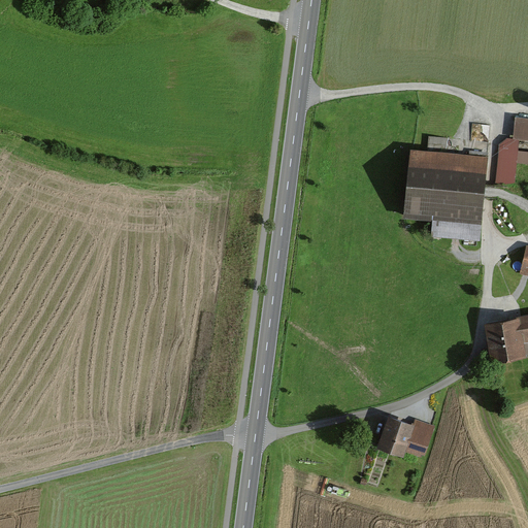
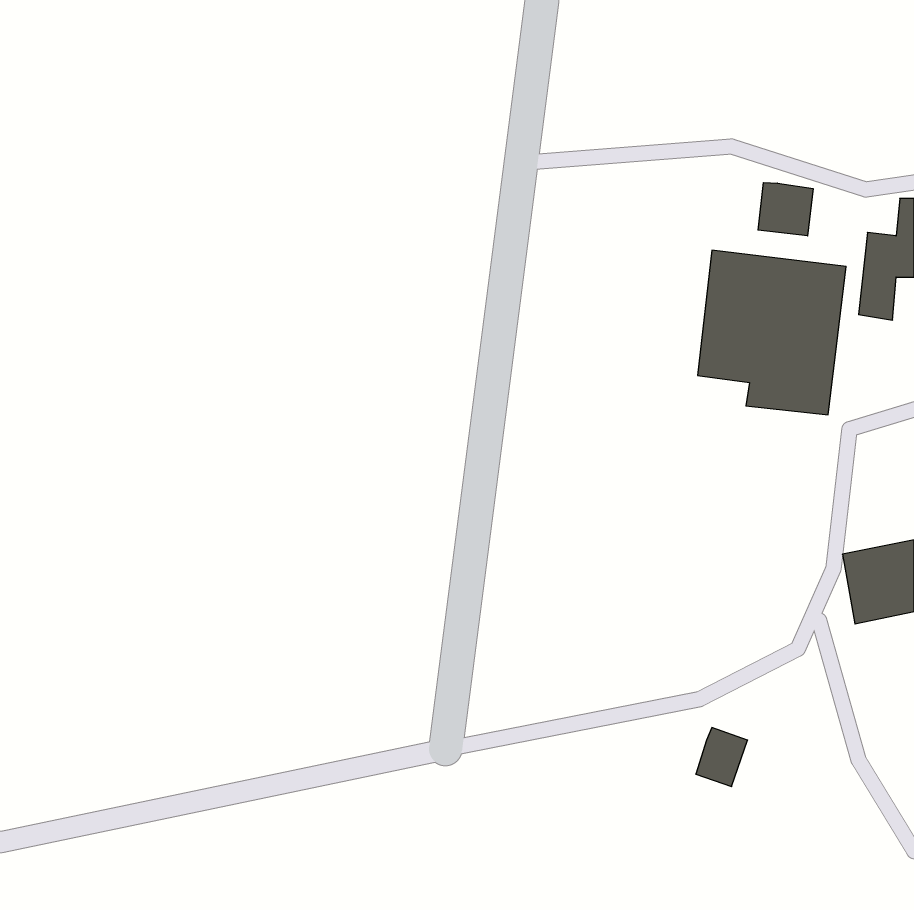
building: none -> [758,183,813,236]
building: [378,422,407,454] -> none

